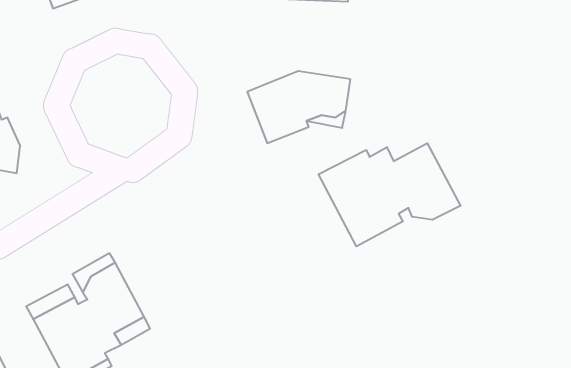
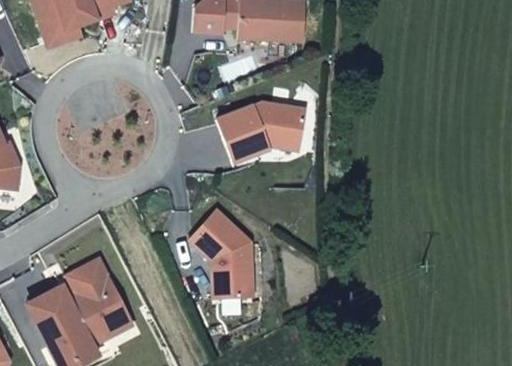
building: [319,143,460,246] -> none
building: none -> [188,209,253,297]

